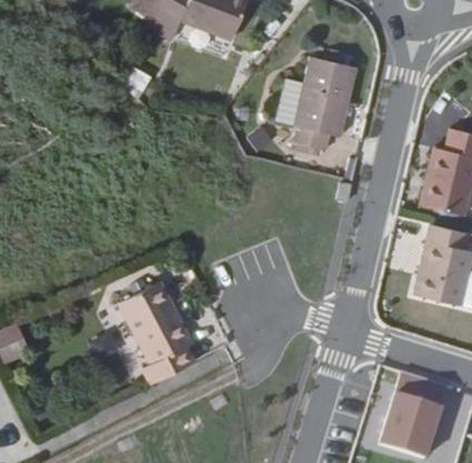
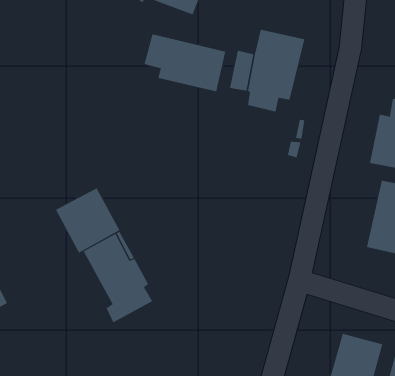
building: none -> [144,33,226,92]
building: none -> [55,187,120,253]

